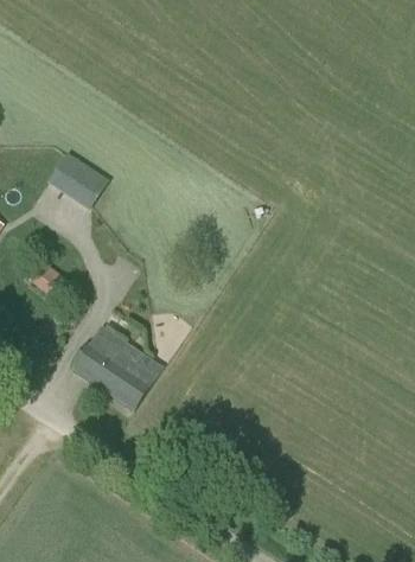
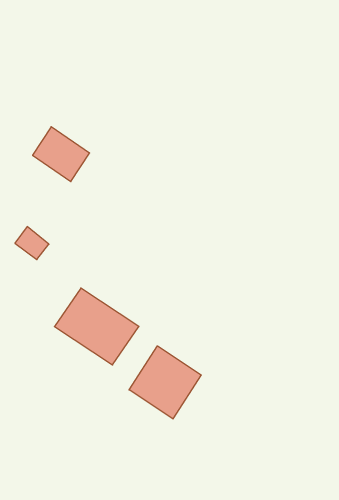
building: none -> [129,346,201,419]

